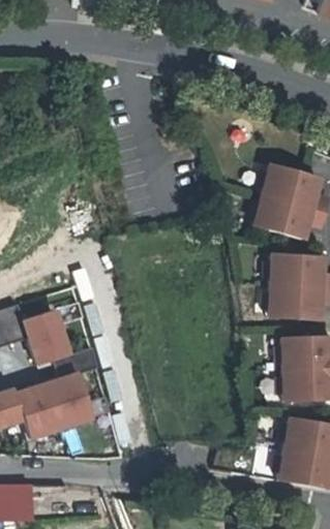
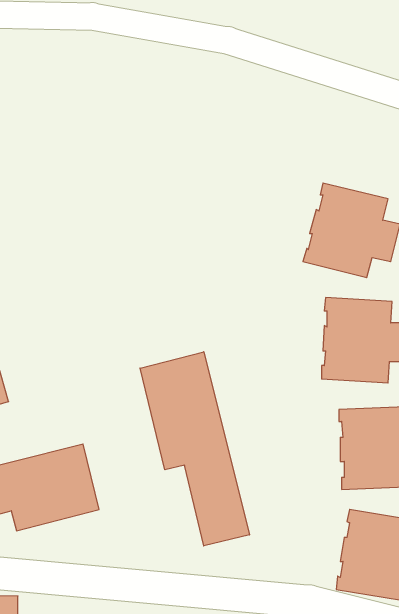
building: none -> [140,352,249,546]
building: [25,307,71,363] -> none

